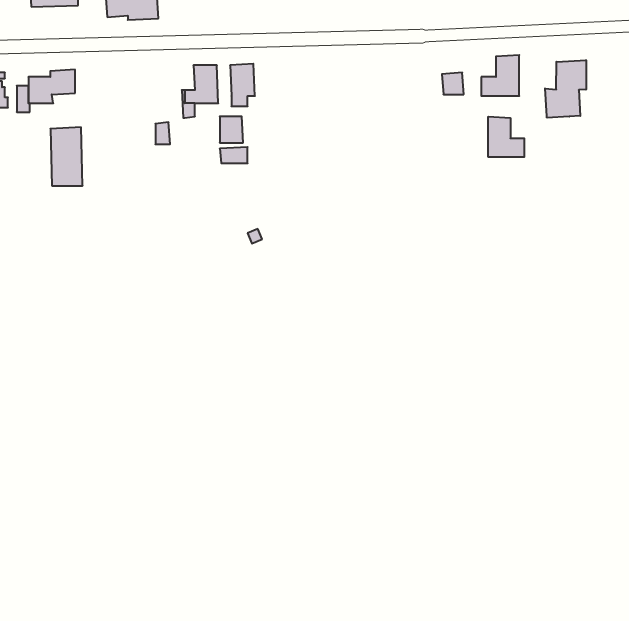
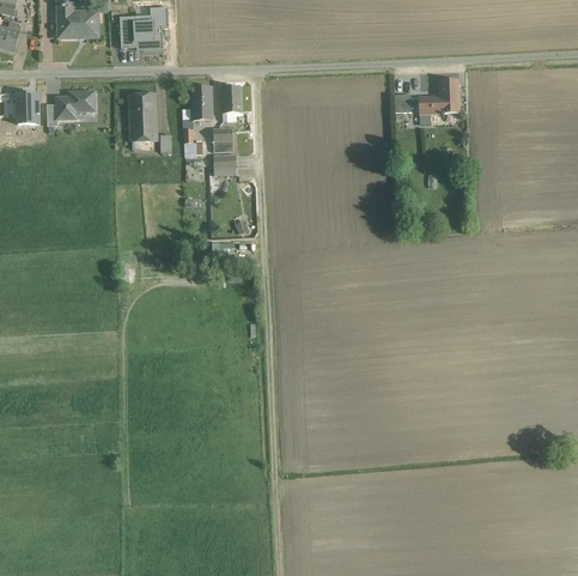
building: [545,60,586,118] -> none
building: [488,117,524,157] -> none
building: [50,127,83,186] -> [129,92,156,140]

